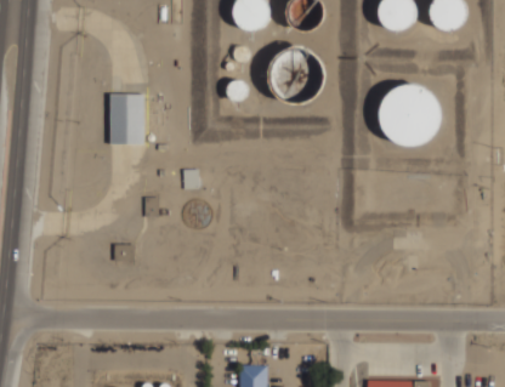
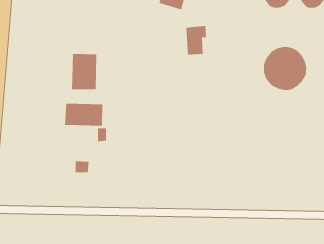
building: none -> [65,103,103,126]

